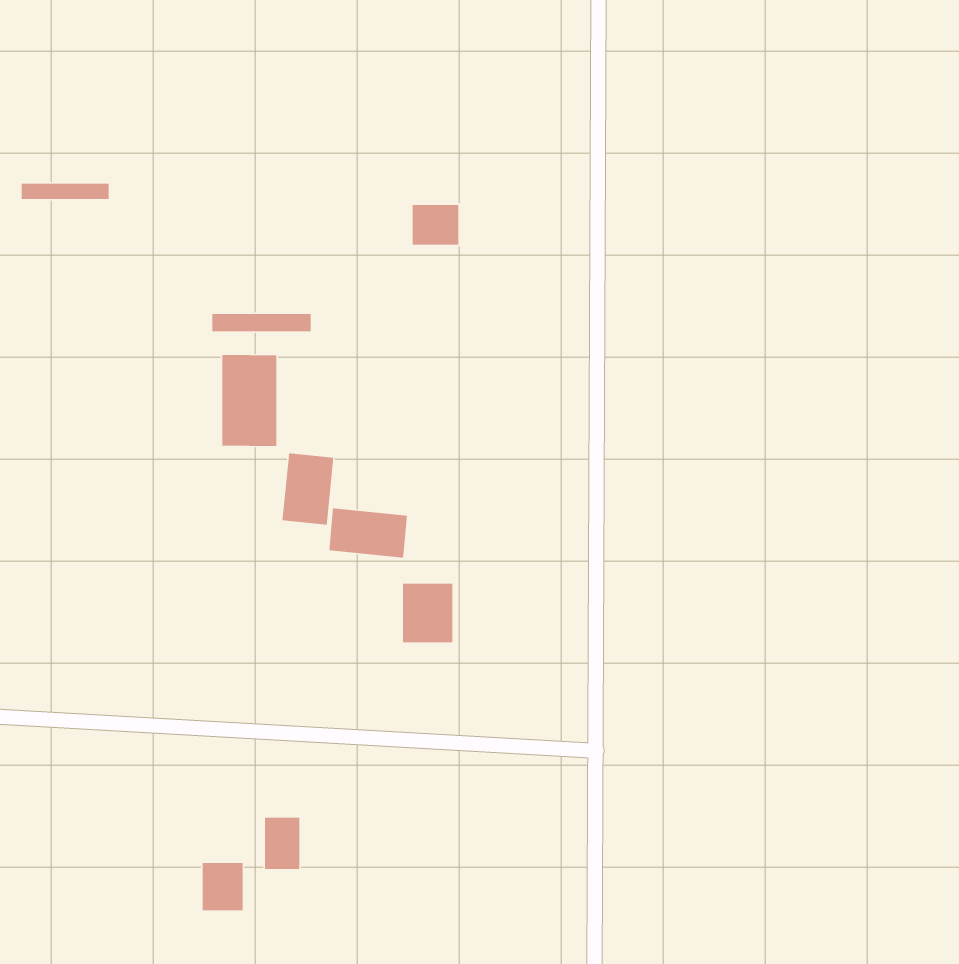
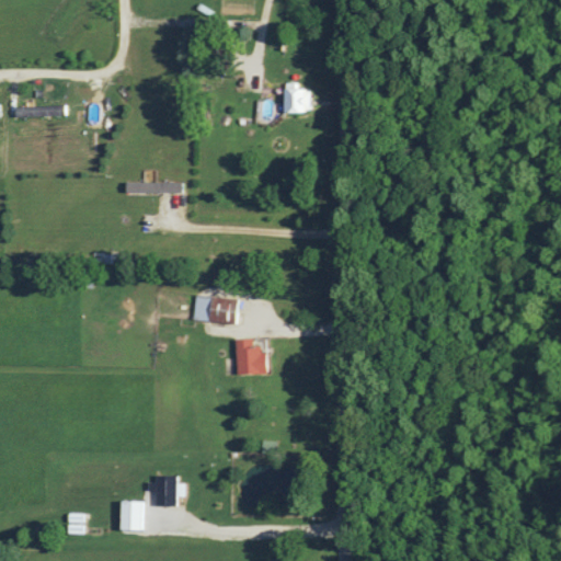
building: [412,204,459,246] -> [283,89,310,113]
building: [222,354,277,447] -> none
building: [282,453,334,525] -> none

